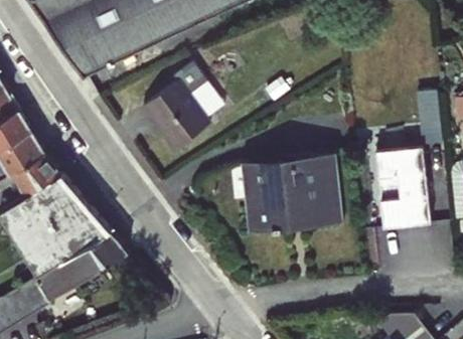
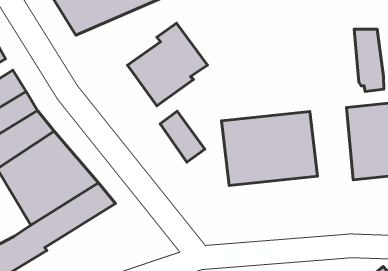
building: none -> [354,29,384,92]
building: none -> [160,111,205,162]

